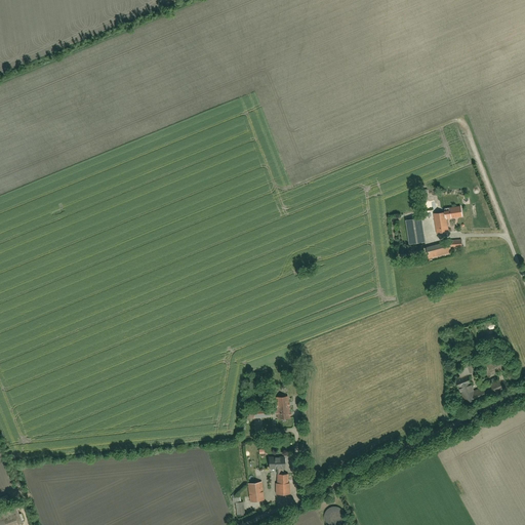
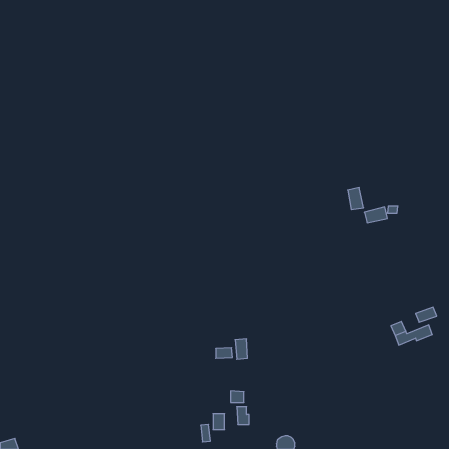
building: [435,206,462,231] -> none

